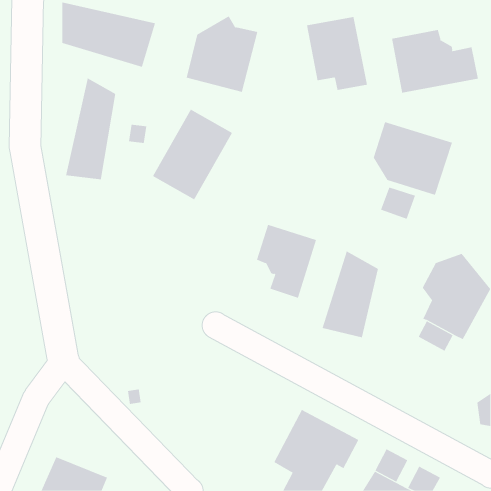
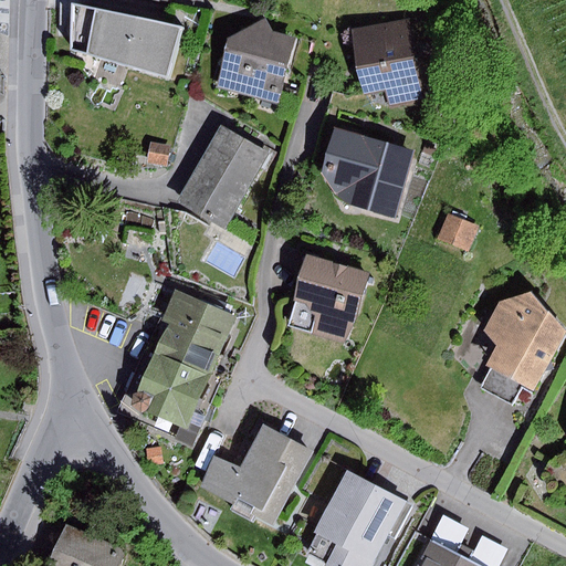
building: [391,29,479,94] -> none
building: [65,77,116,180] -> none
building: [373,121,453,195] -> [322,130,413,216]
building: none -> [116,286,238,444]
building: [322,251,378,338] -> none
building: none -> [199,423,313,525]

